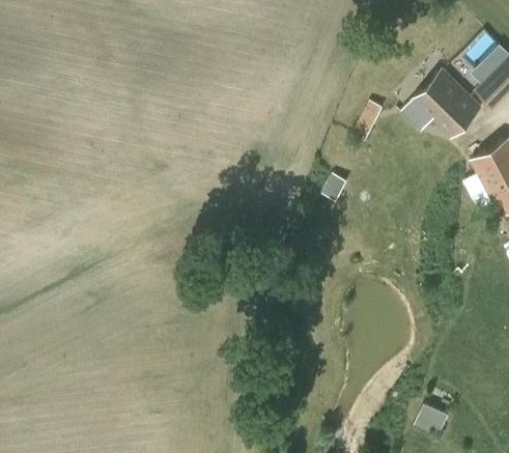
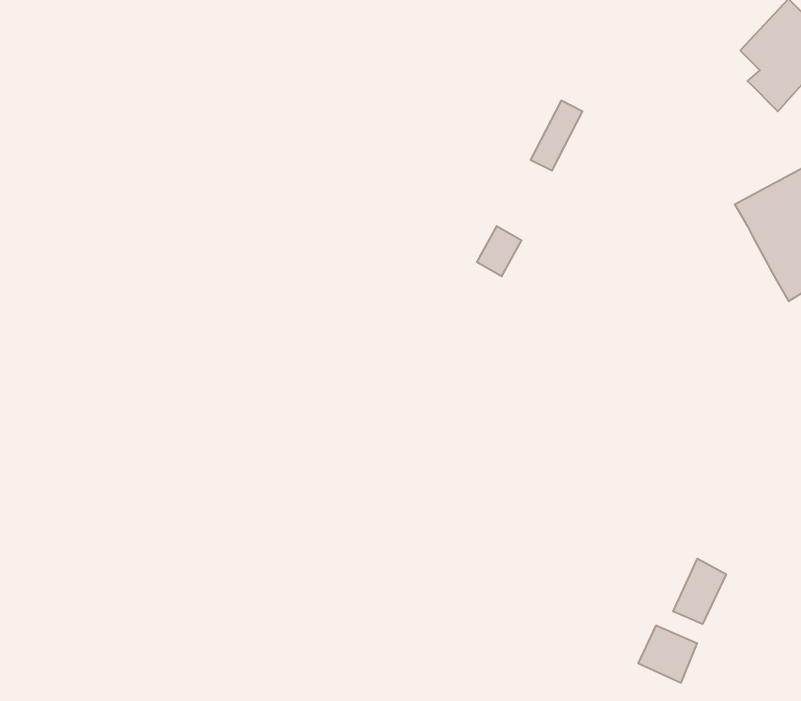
building: [400,67,482,140] -> none
building: none -> [673,559,726,624]

